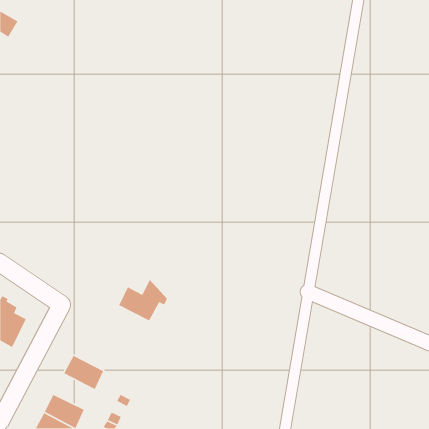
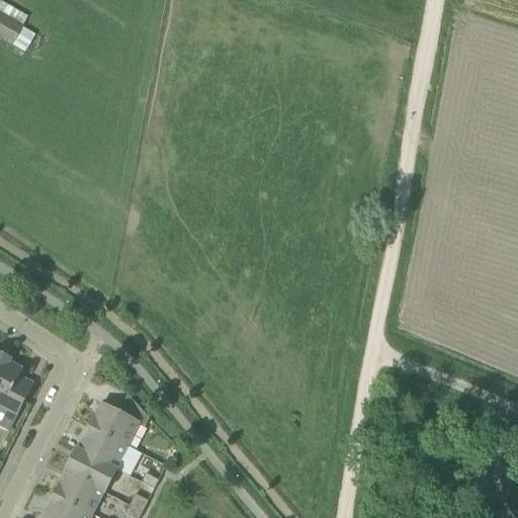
building: [118,279,168,322] -> [88,395,148,446]
building: none -> [63,449,115,494]

